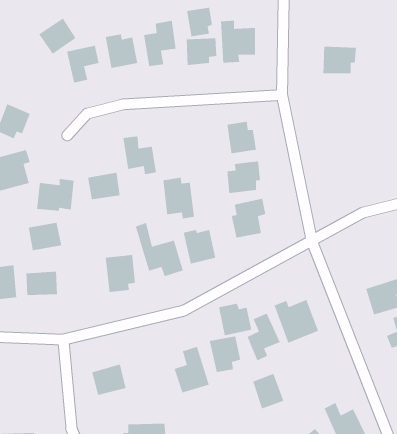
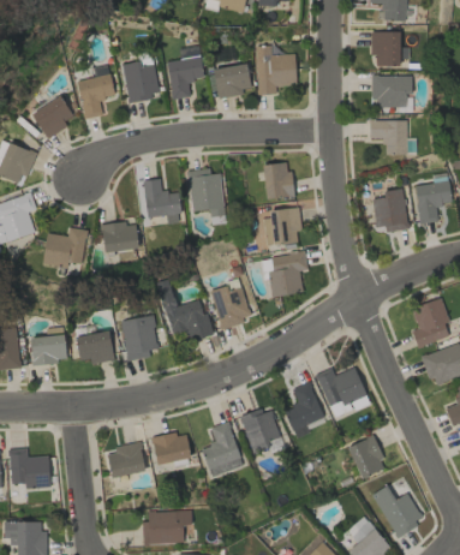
building: [186,7,213,37] -> none
building: none -> [370,31,400,66]
building: [38,17,77,55] -> [30,94,74,137]
building: none -> [369,119,416,154]
building: none -> [414,180,452,223]
building: none -> [371,187,408,232]
building: [162,177,195,219] -> [187,167,225,216]
building: [28,222,62,251] -> [76,330,115,364]
building: none -> [411,298,448,346]
building: [218,303,252,336] -> none
building: none -> [151,430,192,465]
building: none -> [10,448,50,488]
building: [252,373,284,409] -> [348,436,386,478]

